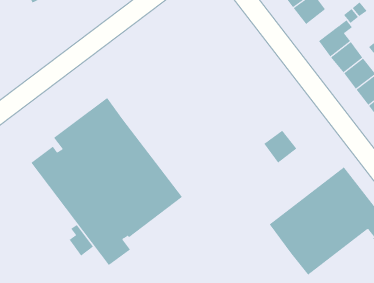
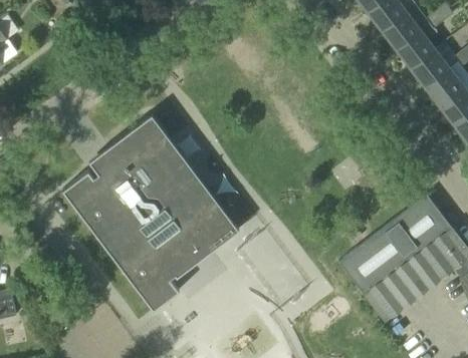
building: none -> [382,12,420,49]
building: [263,130,297,163] -> none
building: [69,224,94,257] -> none

